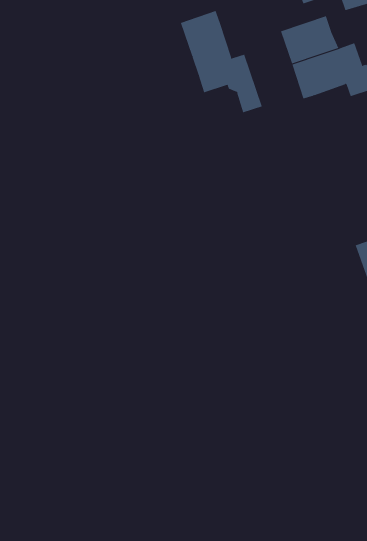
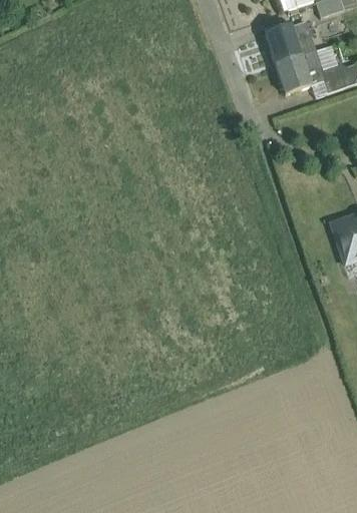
building: [180,10,263,113] -> none

